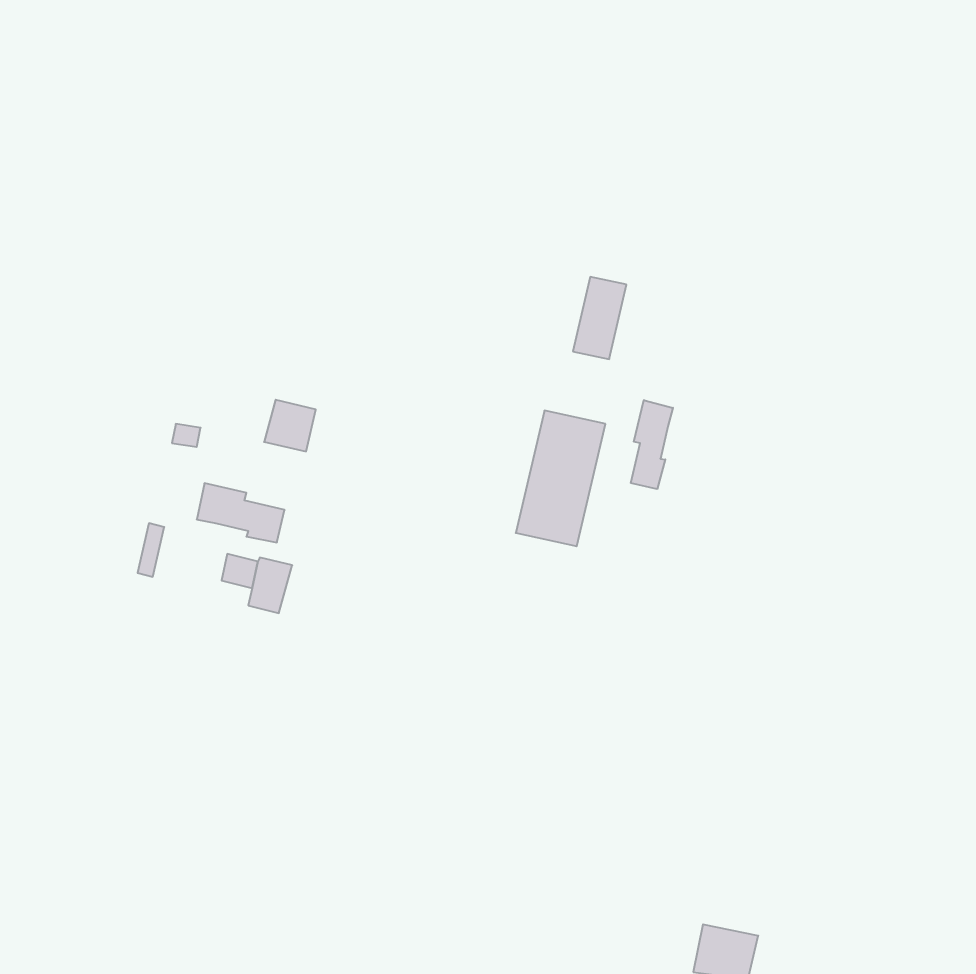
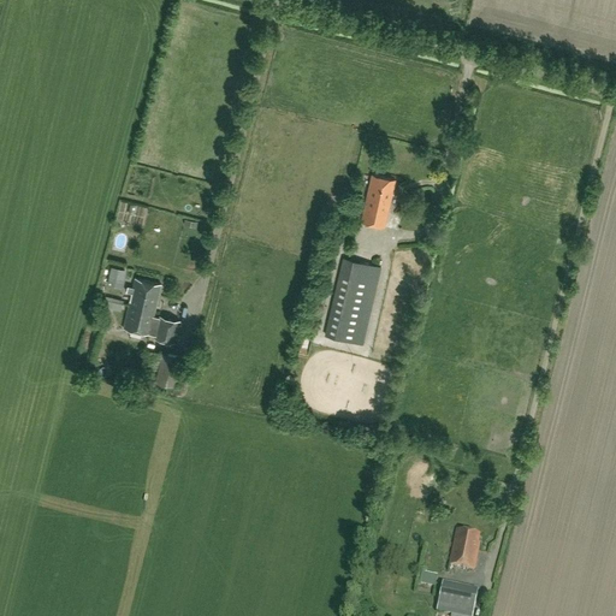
building: [264,400,316,451] -> [129,279,161,312]
building: [631,400,673,489] -> none
building: none -> [450,533,480,573]

